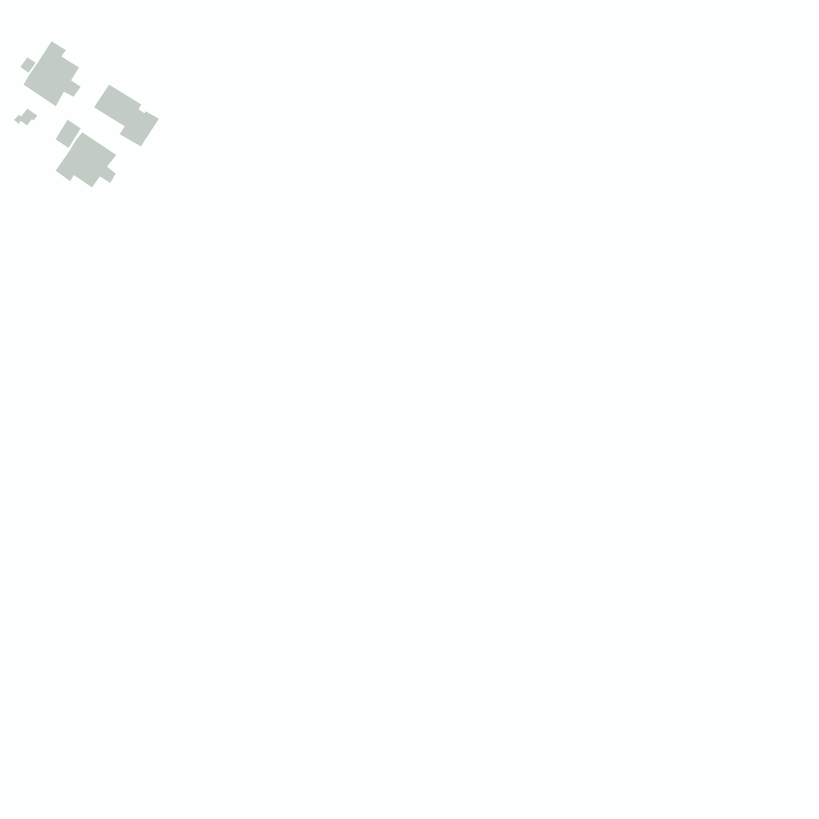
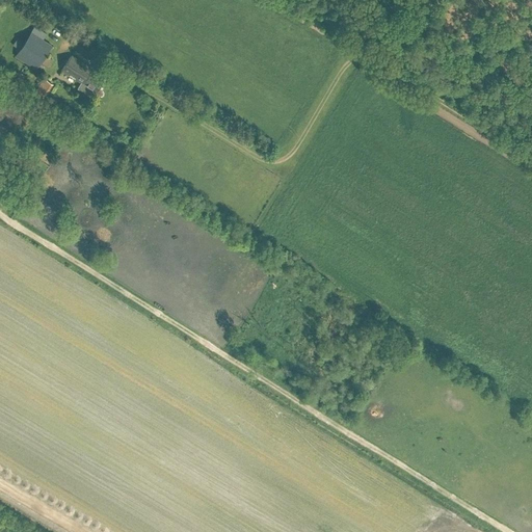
building: [55,131,118,189] -> none

